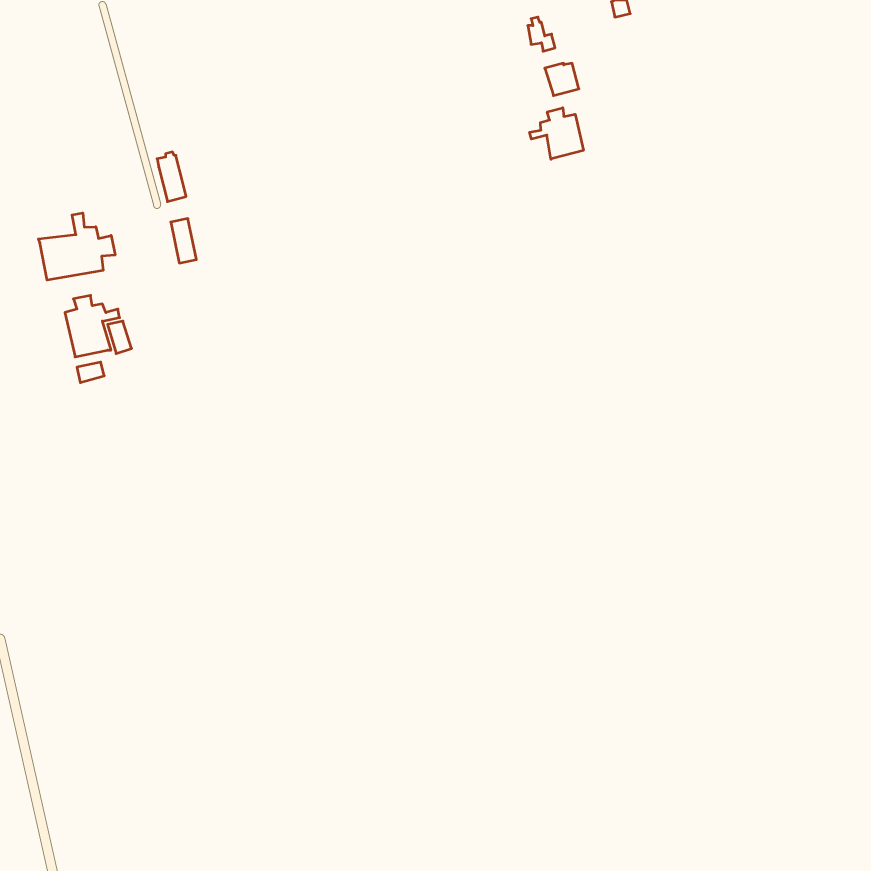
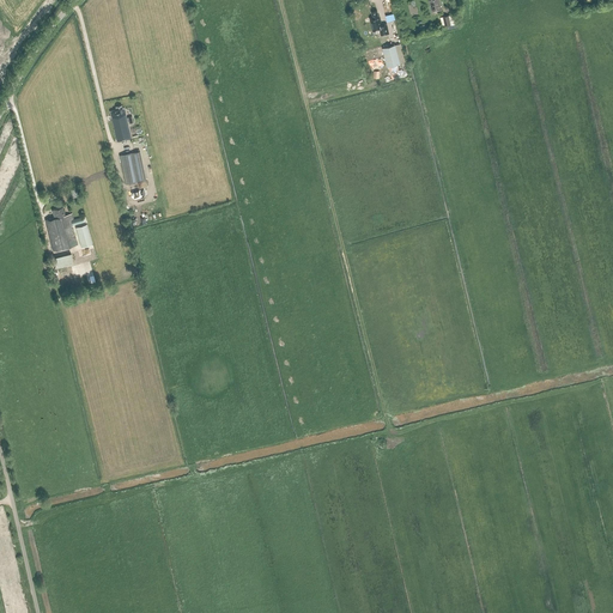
building: [530,108,583,159] -> none
building: [38,213,115,280] -> none

